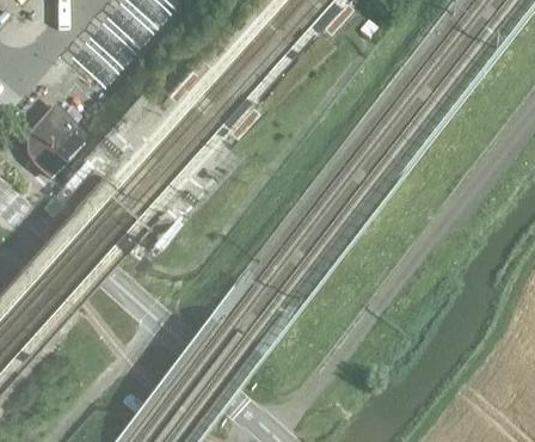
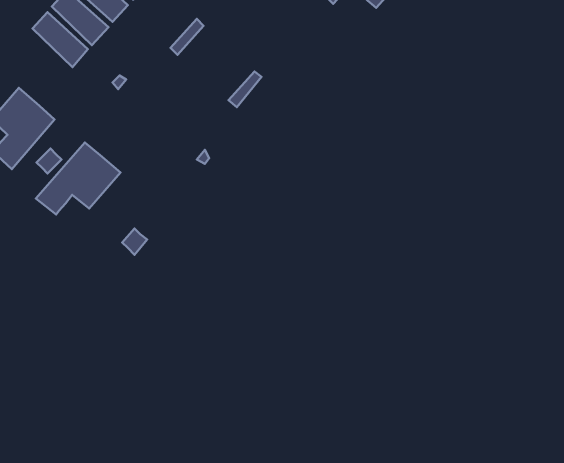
building: none -> [36,142,120,214]

